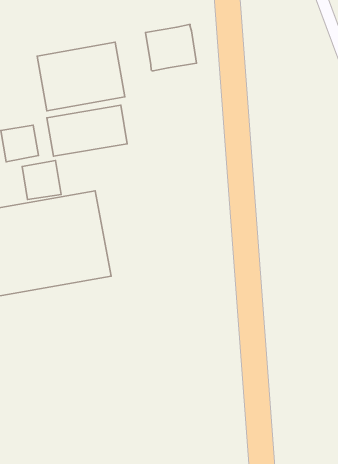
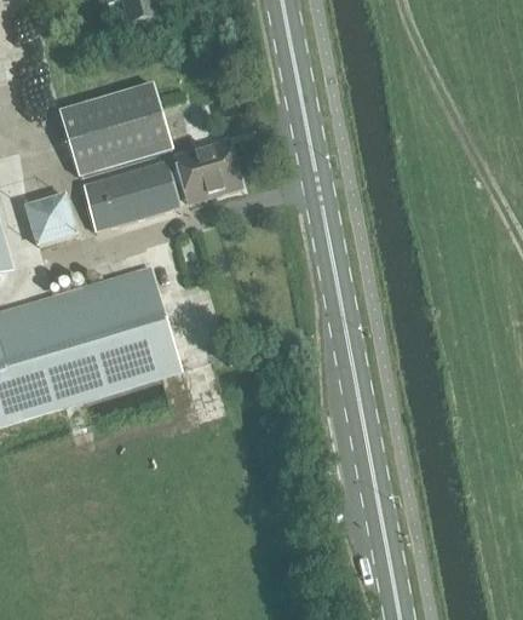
building: [146,24,197,71] -> [177,140,243,202]
building: [22,161,61,199] -> none

